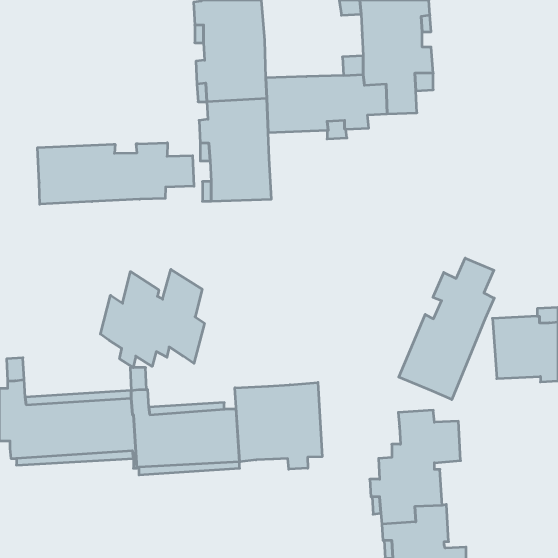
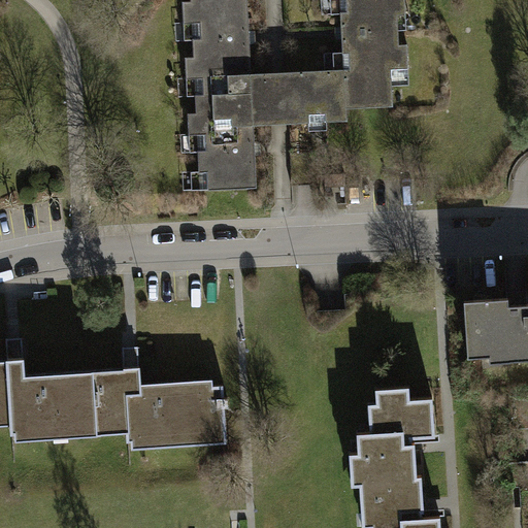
building: [38,143,194,204] -> none
building: [399,258,494,400] -> none
building: [100,269,204,368] -> none
building: [235,382,322,469] -> none

